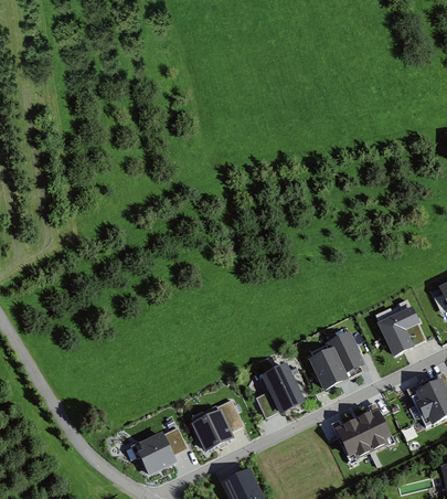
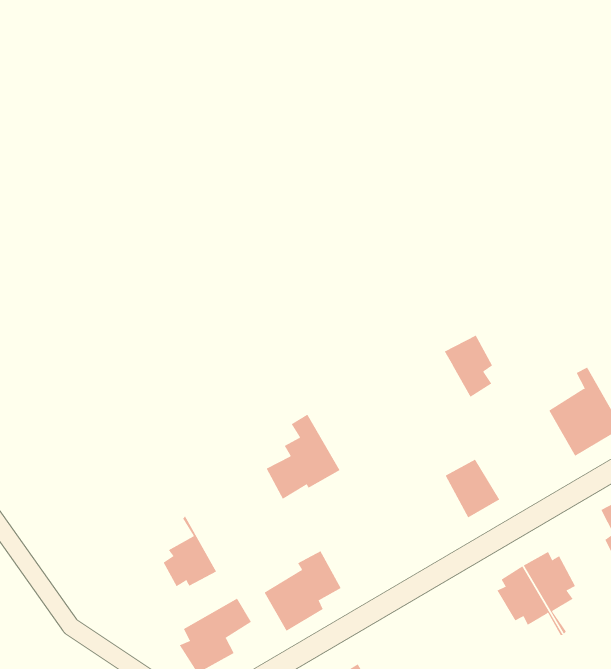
building: [327,332,356,371] -> [444,335,493,398]
building: [255,364,301,416] -> [266,414,341,499]
building: none -> [163,516,217,587]

